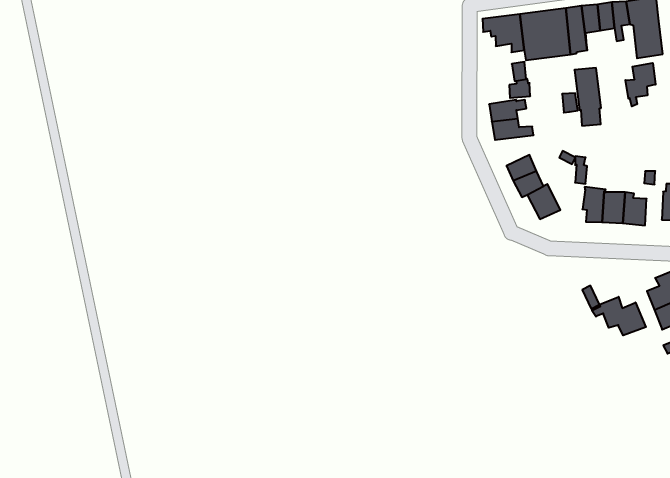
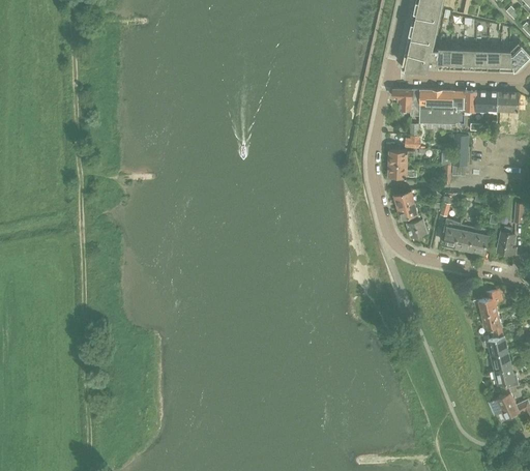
building: [625,63,656,106] -> none
building: [592,297,646,335] -> none

